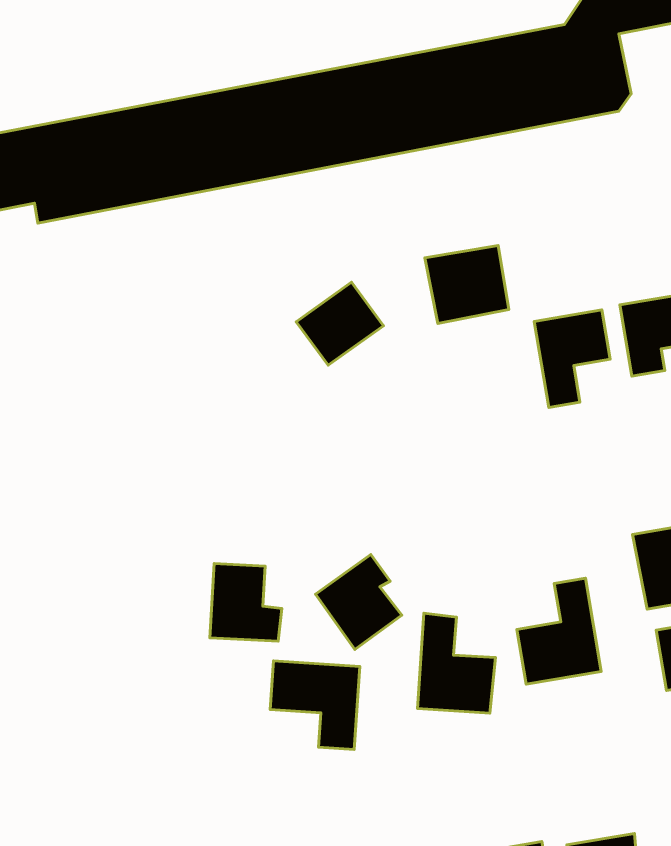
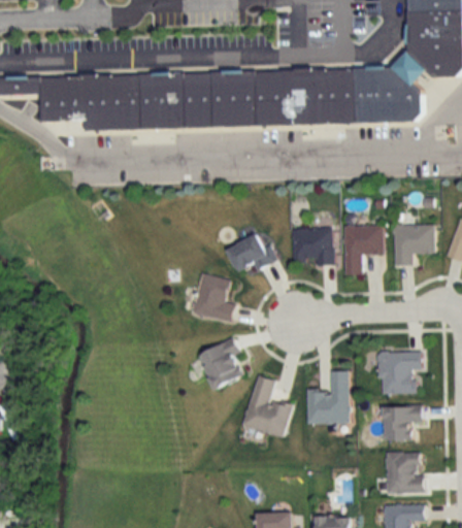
building: [425,245,509,324] -> [292,229,333,266]
building: [296,282,383,365] -> [227,233,274,276]
building: [210,564,282,641] -> [193,274,235,323]
building: [270,661,360,750] -> none

